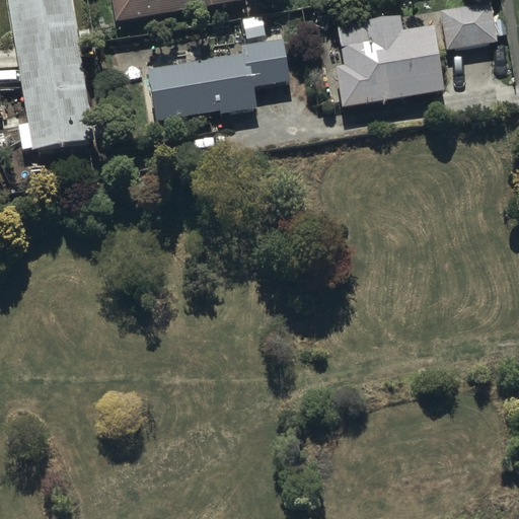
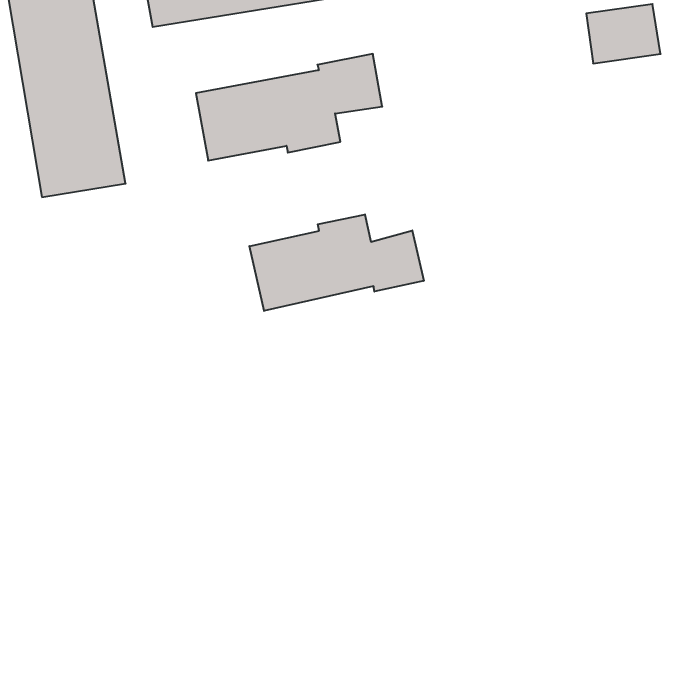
building: [336,15,442,105] -> none
building: none -> [249,214,424,311]

